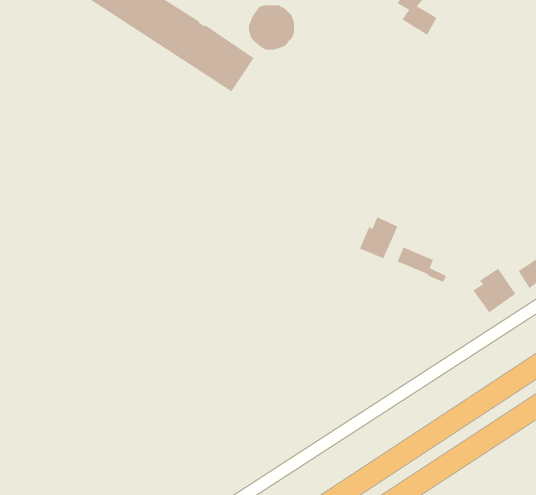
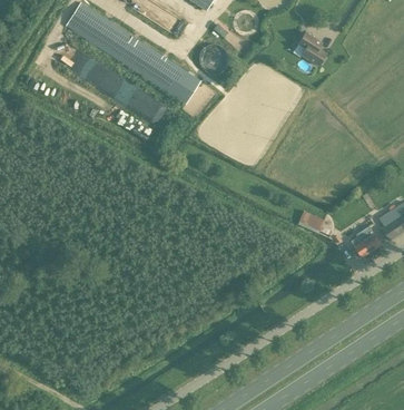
building: none -> [71,55,162,121]
building: [359,216,398,259] -> none

